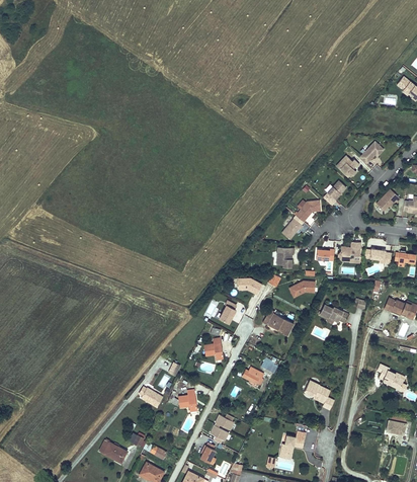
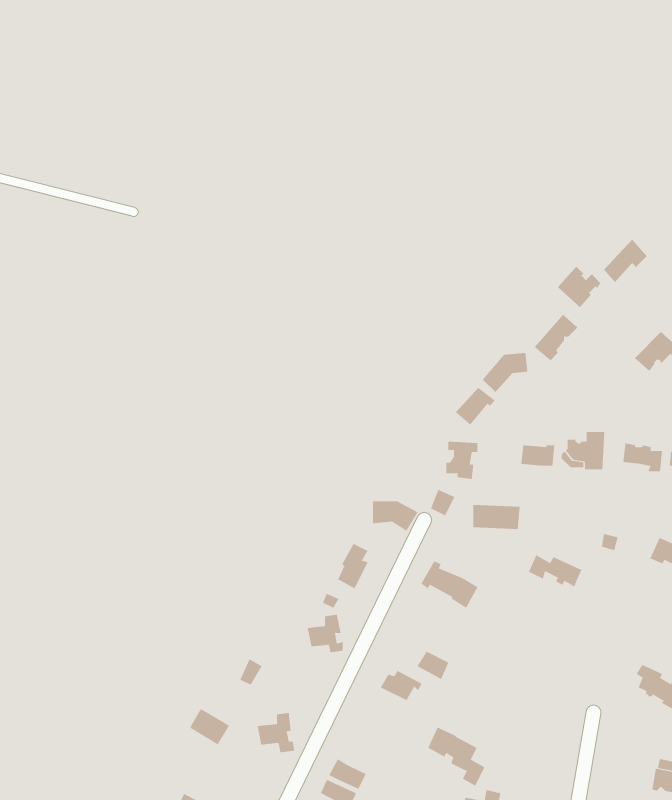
building: [304,381,334,412] -> [427,727,485,786]

